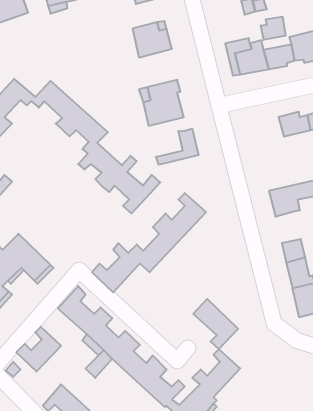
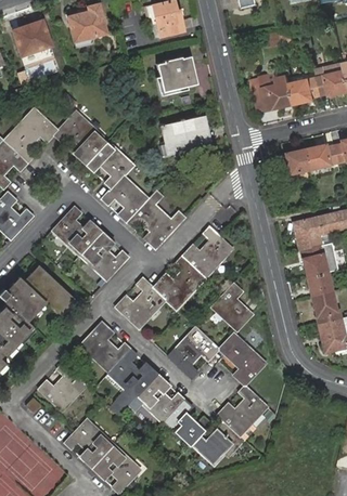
building: [261,17,286,40] -> none
building: none -> [278,151,310,177]
building: [156,129,199,165] -> none
building: none -> [54,206,129,278]
building: none -> [301,246,327,278]
building: none -> [214,284,253,328]
building: none -> [168,329,218,379]

